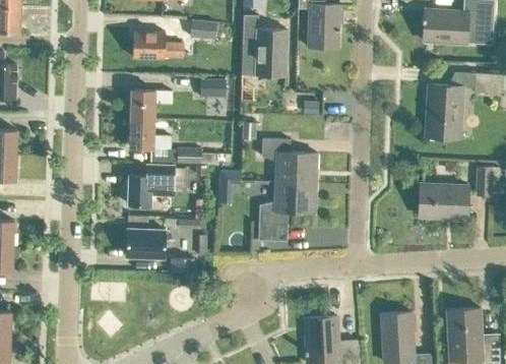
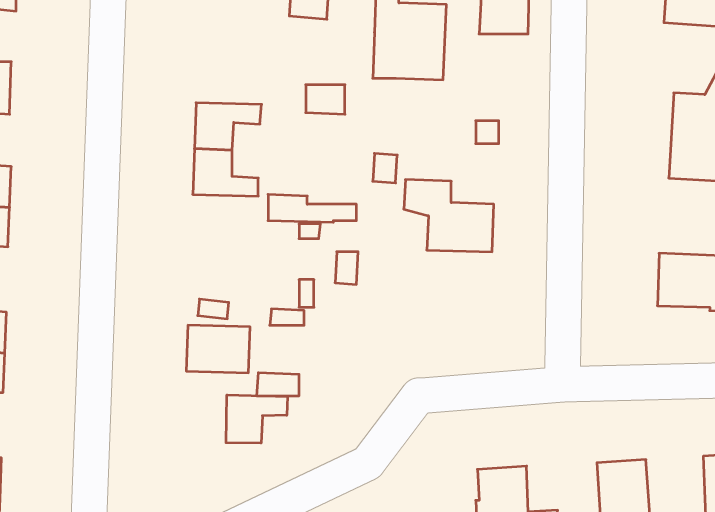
building: [131,32,183,57] -> none
building: [127,164,174,204] -> none
building: [257,181,315,240] -> none
building: none -> [226,395,288,443]

